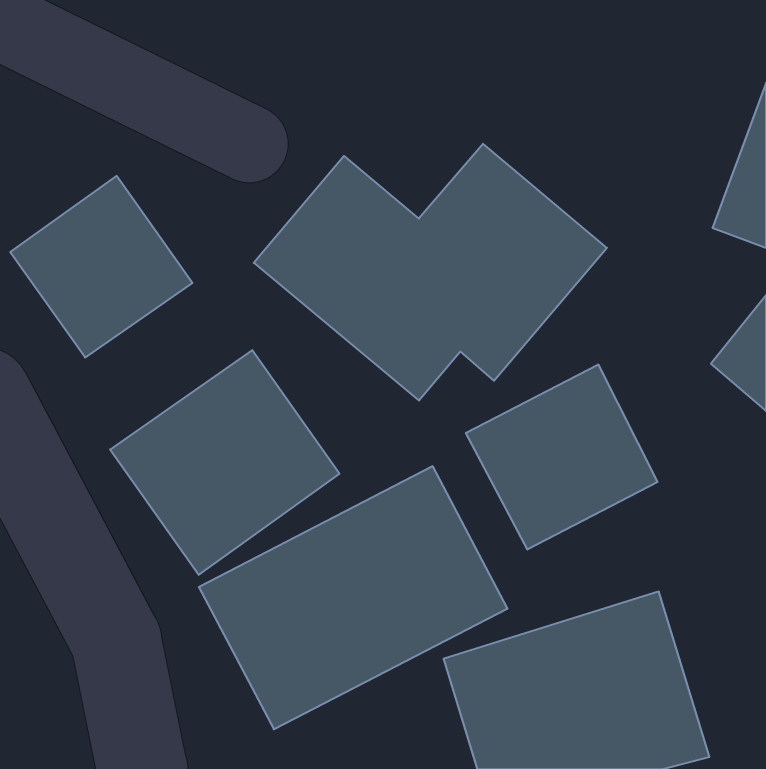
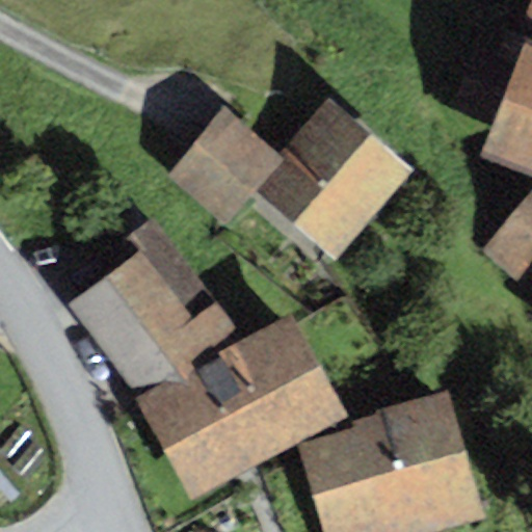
building: [10,176,192,358] -> none
building: [466,364,658,550] -> none

